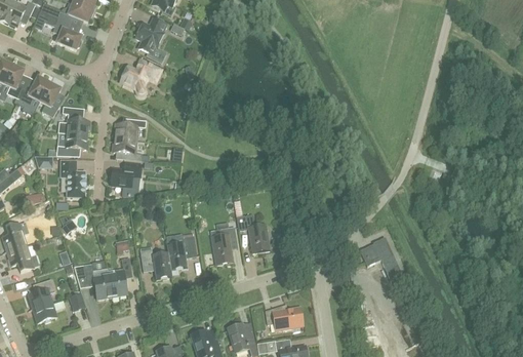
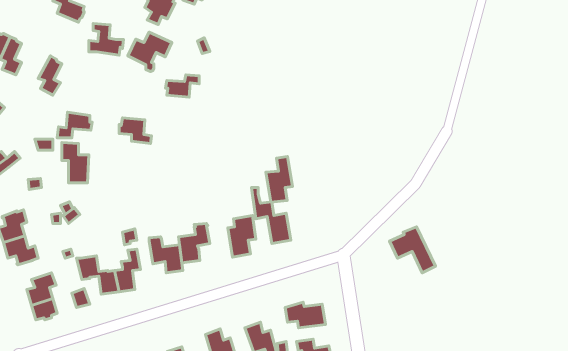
building: [17,76,49,104] -> none
building: [57,106,89,134] -> [89,24,124,55]
building: [114,118,145,138] -> [166,75,199,97]
building: [109,162,140,186] -> none
building: none -> [266,157,293,202]

